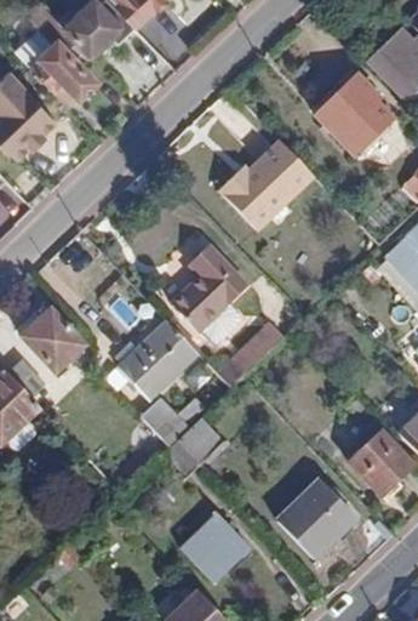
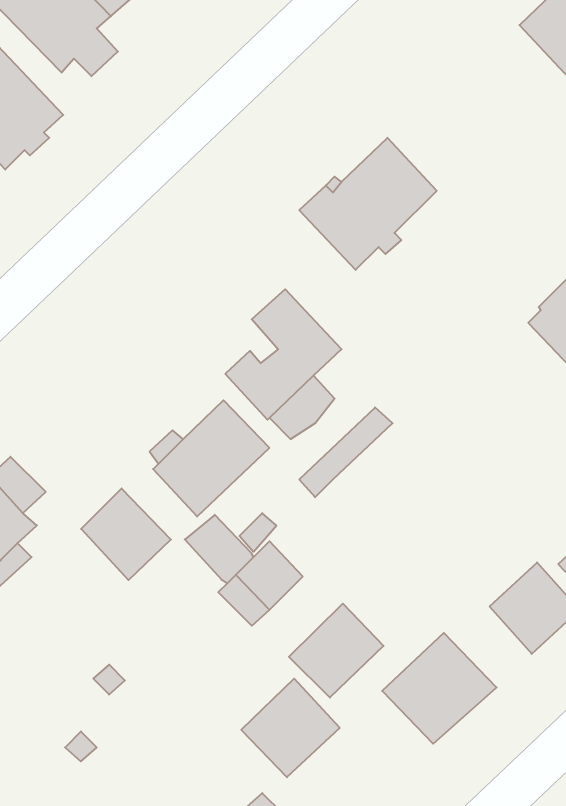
building: [315,73,390,154] -> none
building: [21,308,82,371] -> [81,488,171,580]
building: none -> [289,604,384,698]

